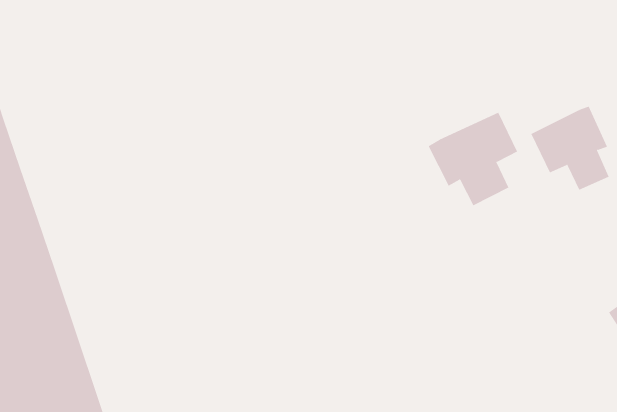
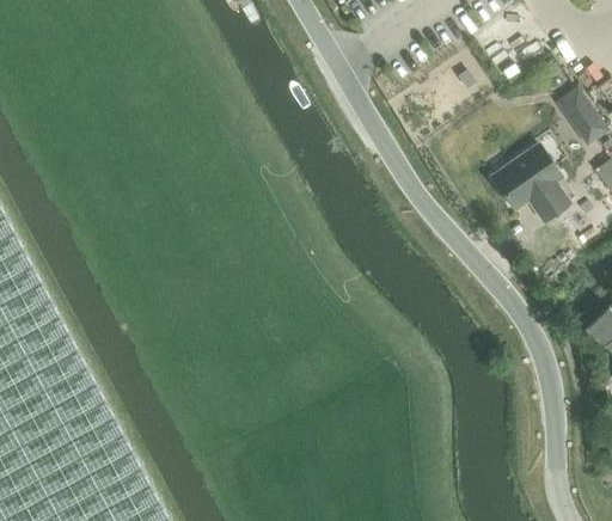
building: [428,112,518,206] -> none

